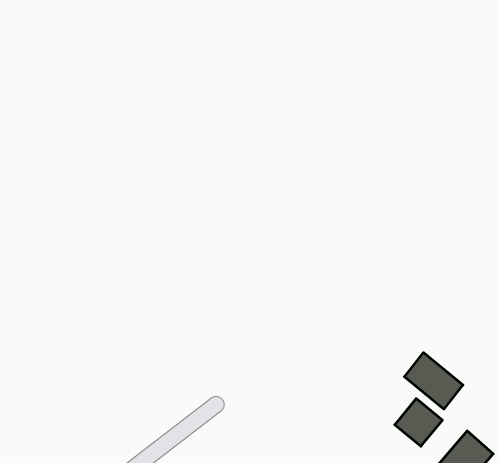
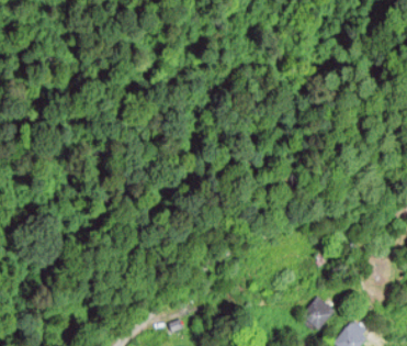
building: [404,353,463,409] -> none

